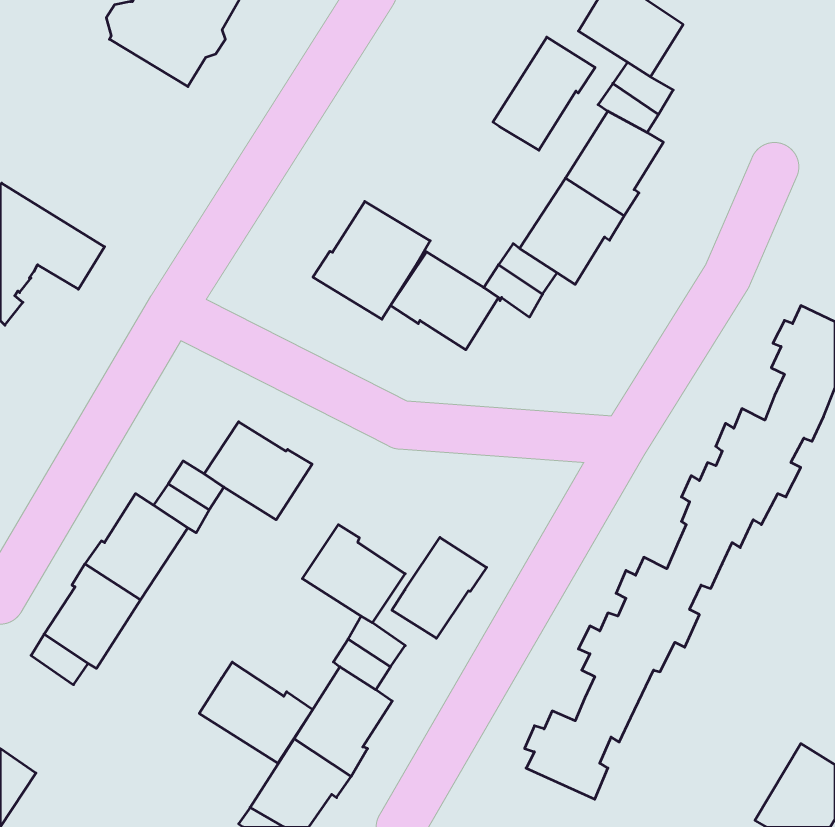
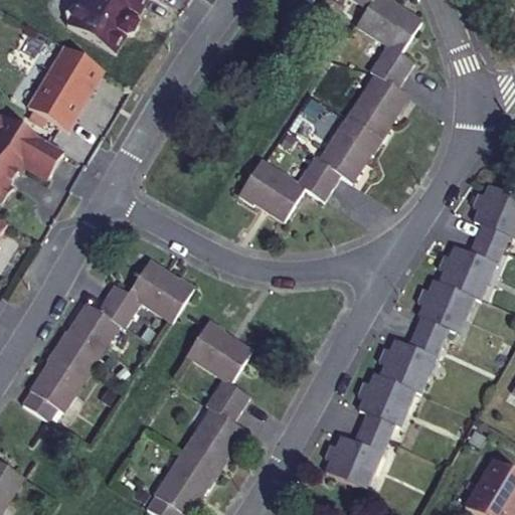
building: [493,37,595,150] -> none
building: none -> [28,46,105,131]
building: [313,201,430,319] -> none
building: [392,537,487,638] -> none
building: [199,662,313,763] -> none

